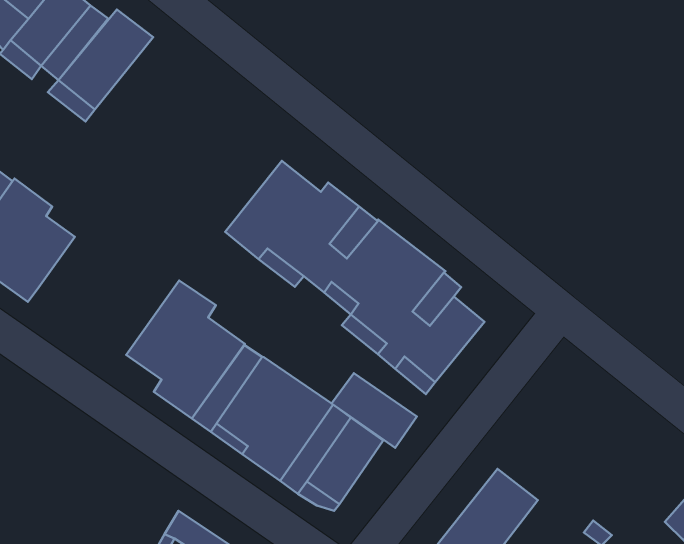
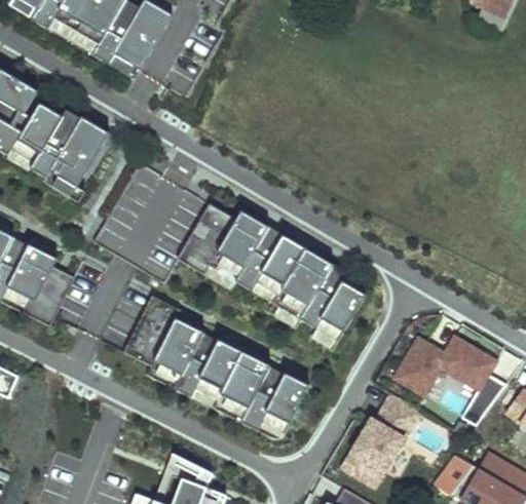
building: [331,373,417,448] -> none
building: none -> [396,335,506,424]

